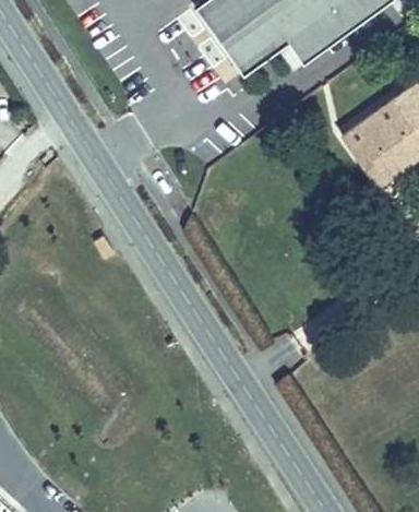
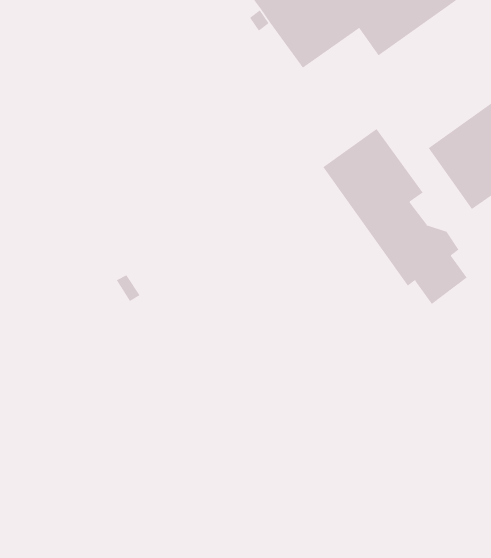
building: none -> [322,128,468,305]

